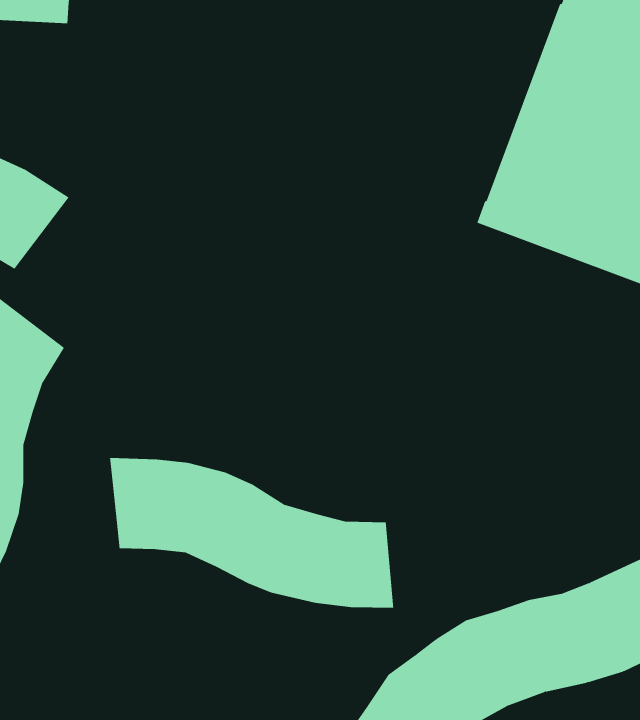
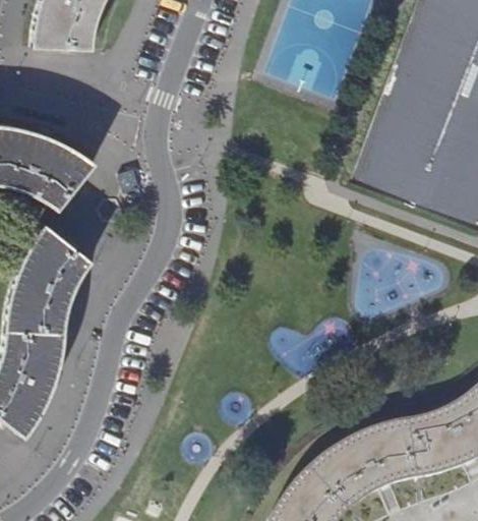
building: [109,457,394,609] -> none

